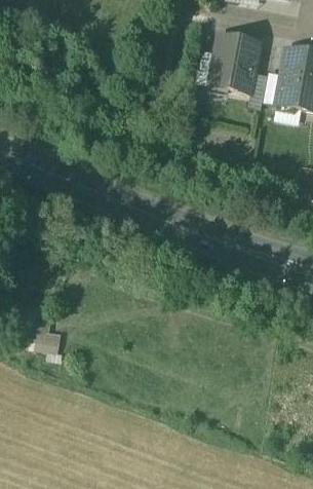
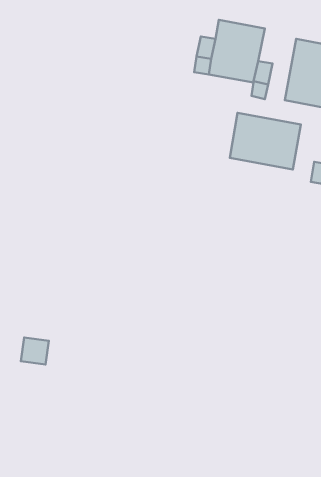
building: none -> [230,113,301,169]

